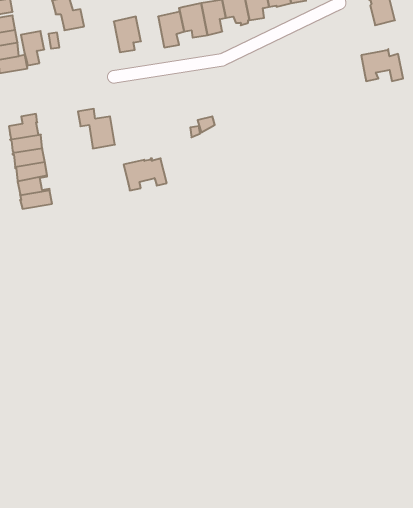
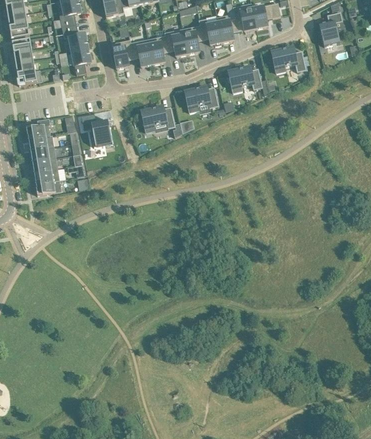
building: none -> [129,39,152,66]
building: [21,31,44,65] -> [71,47,90,75]
building: [361,49,403,81] -> [271,46,305,72]
building: none -> [227,66,262,92]
building: none -> [184,86,218,112]
building: [124,158,167,190] -> [140,106,175,132]

